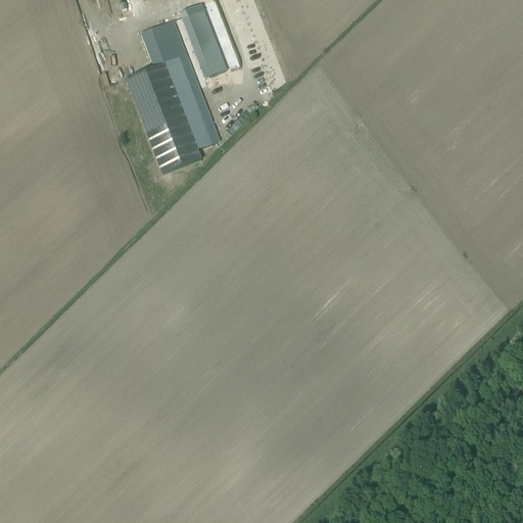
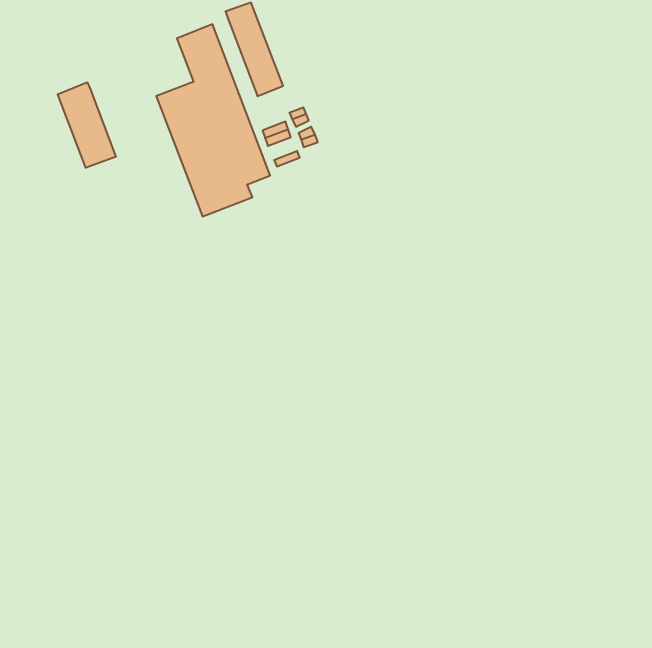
building: none -> [58,82,116,168]

